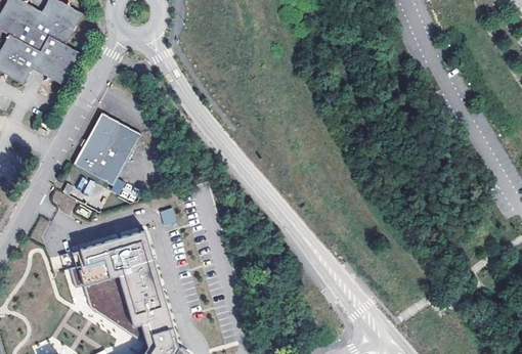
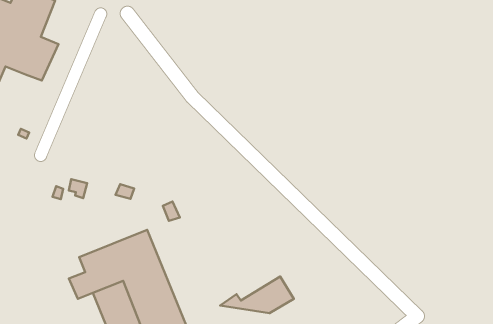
building: [73,113,140,185] -> none
building: none -> [220,276,294,313]

